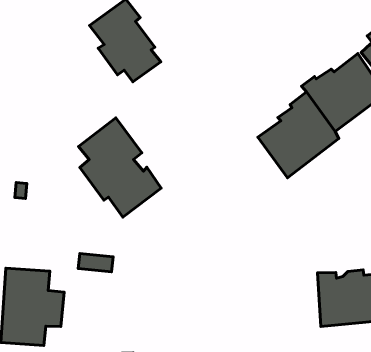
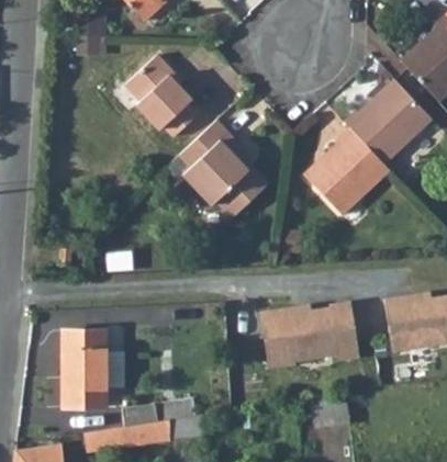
building: [79,118,161,217] -> [179,114,267,214]
building: none -> [254,307,354,375]

